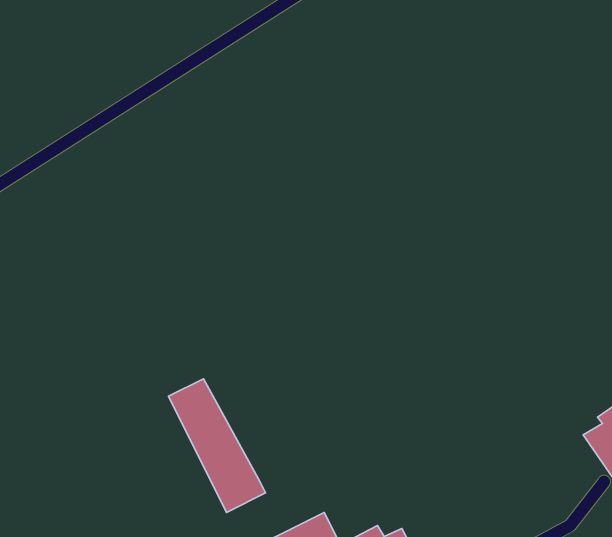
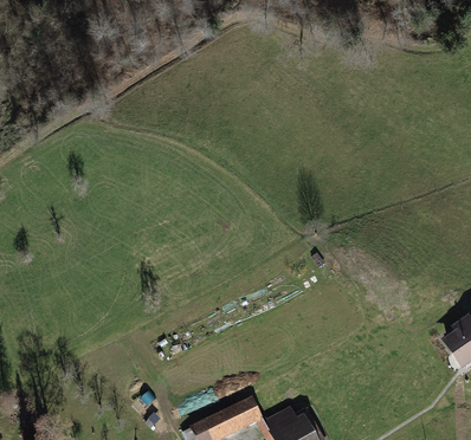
building: [168,379,266,513] -> none

